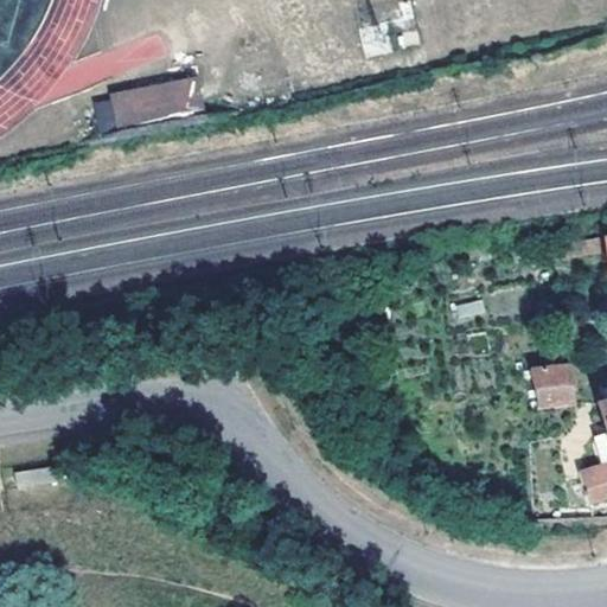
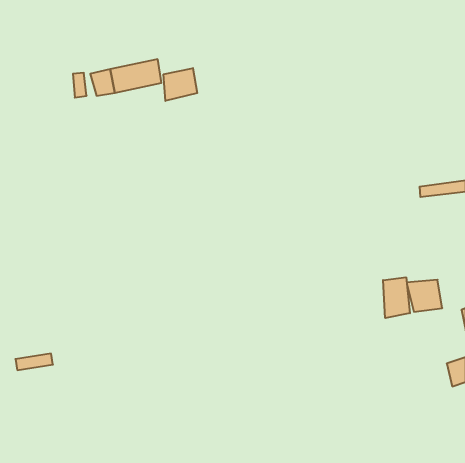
building: none -> [164,68,197,101]
building: none -> [383,277,410,318]

